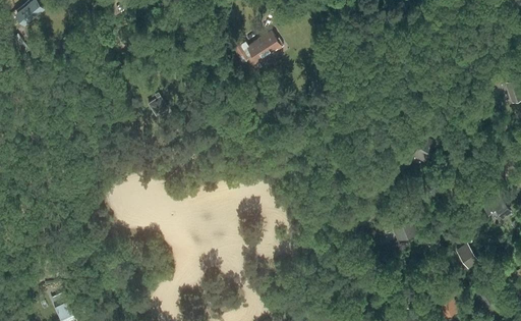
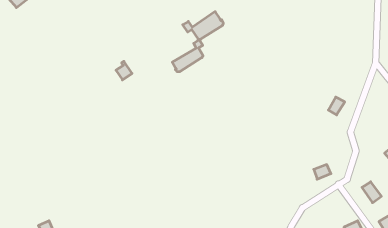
building: none -> [172,40,203,72]

